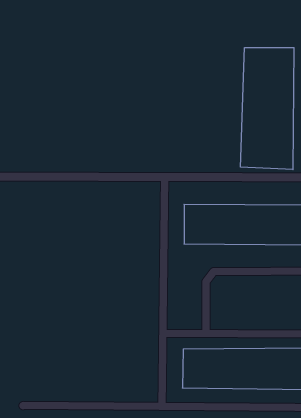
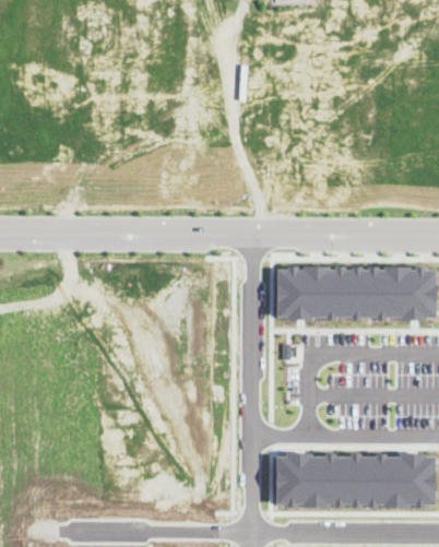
building: [241,48,294,170] -> none

